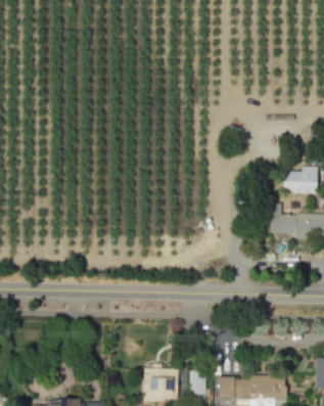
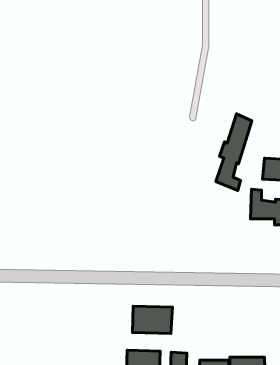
building: none -> [216,114,252,190]
building: none -> [133,306,173,334]

